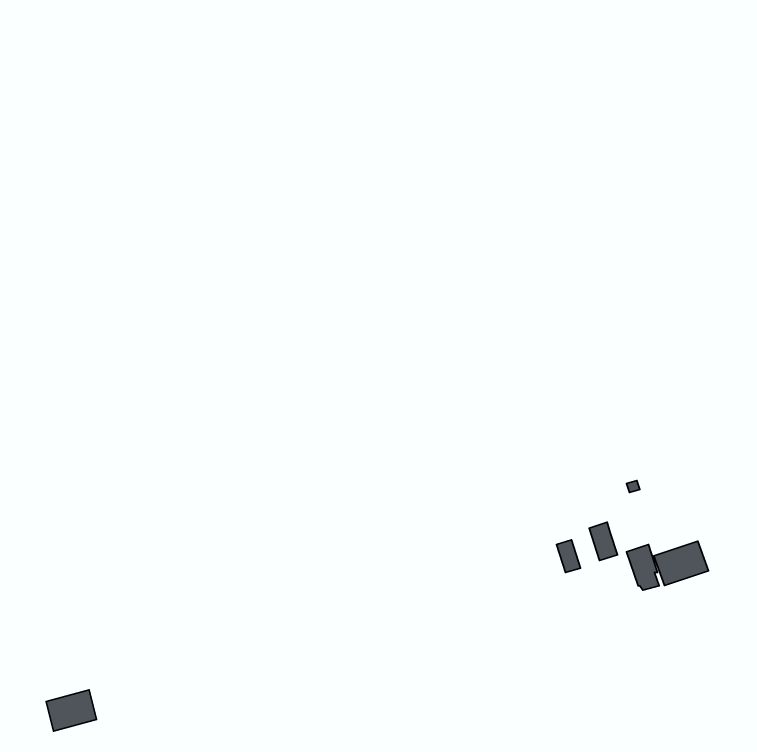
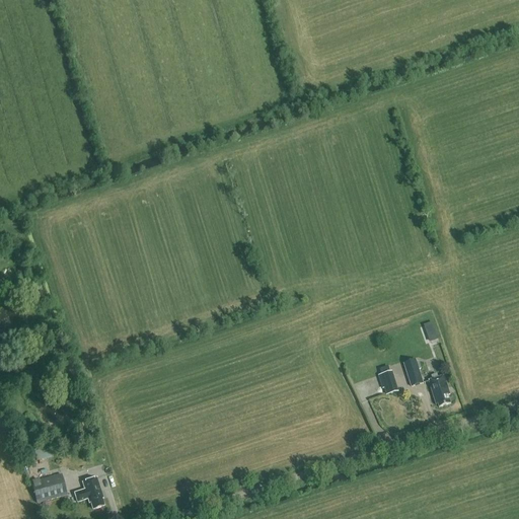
building: [654,541,709,586] -> none
building: none -> [73,474,102,506]

